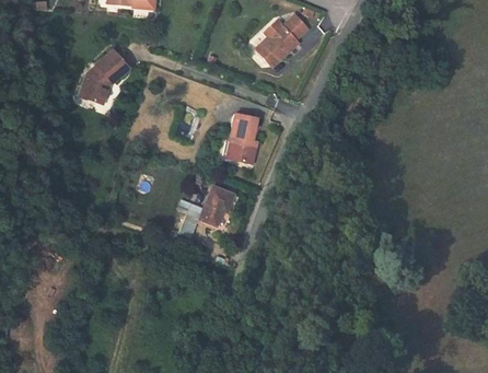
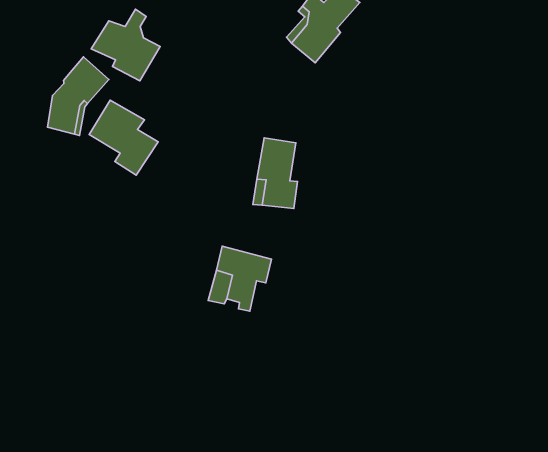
building: none -> [91,9,160,81]
building: none -> [89,100,158,175]

